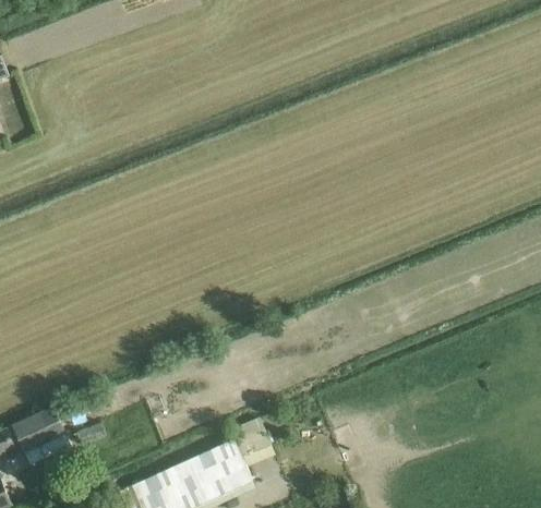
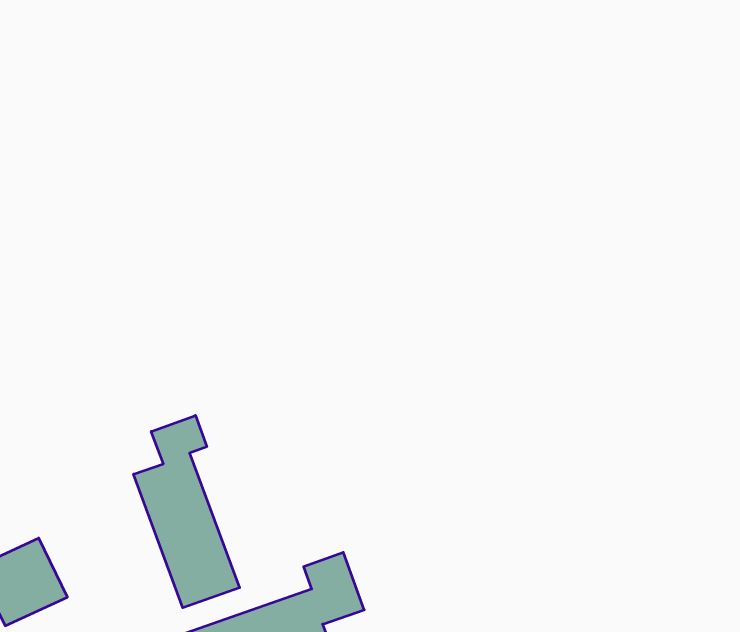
building: none -> [134,415,240,608]

